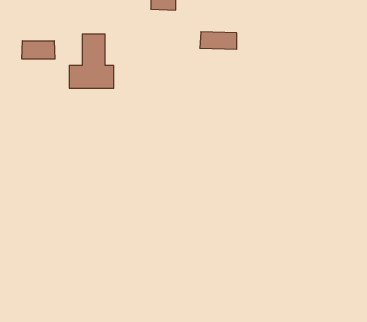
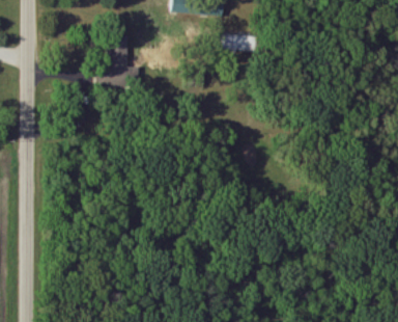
building: [22,41,55,59] -> none

